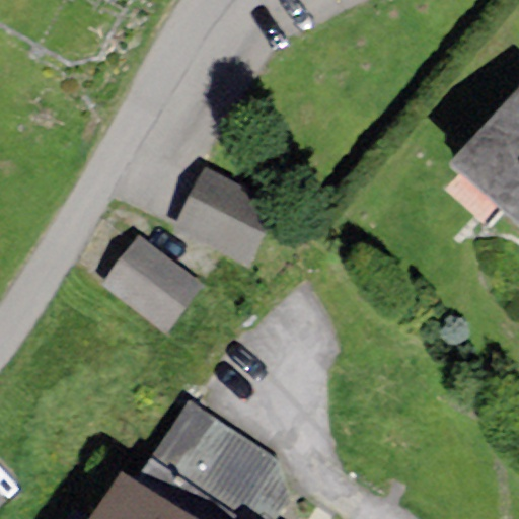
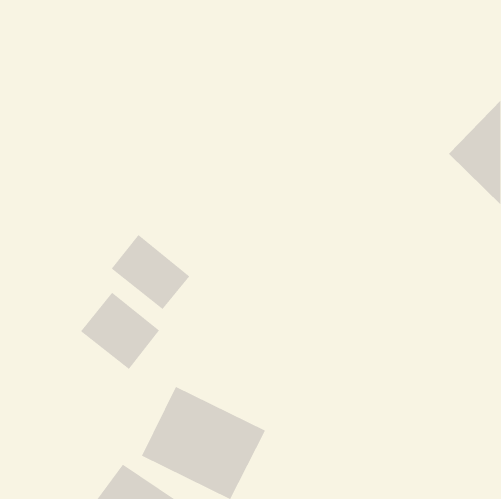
building: [182,179,268,260] -> none
building: none -> [80,292,160,370]

